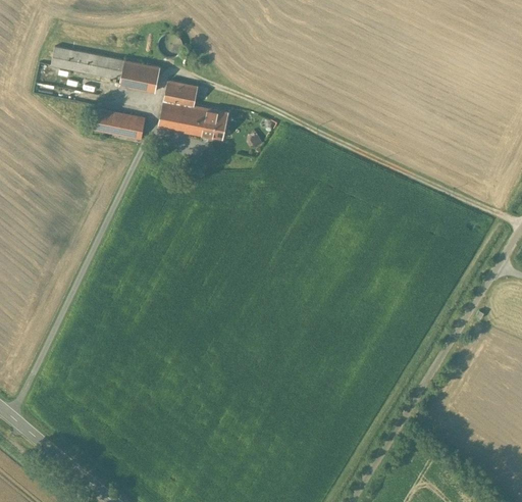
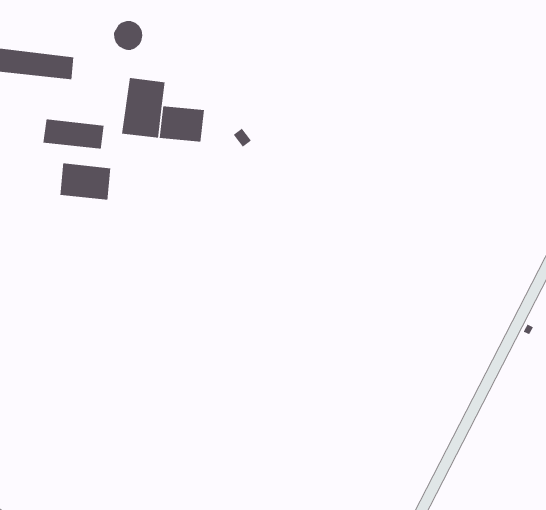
building: [120,61,160,93] -> none
building: none -> [60,163,111,201]

